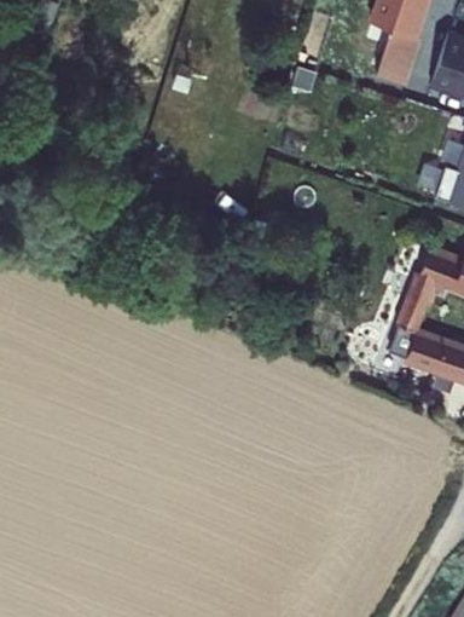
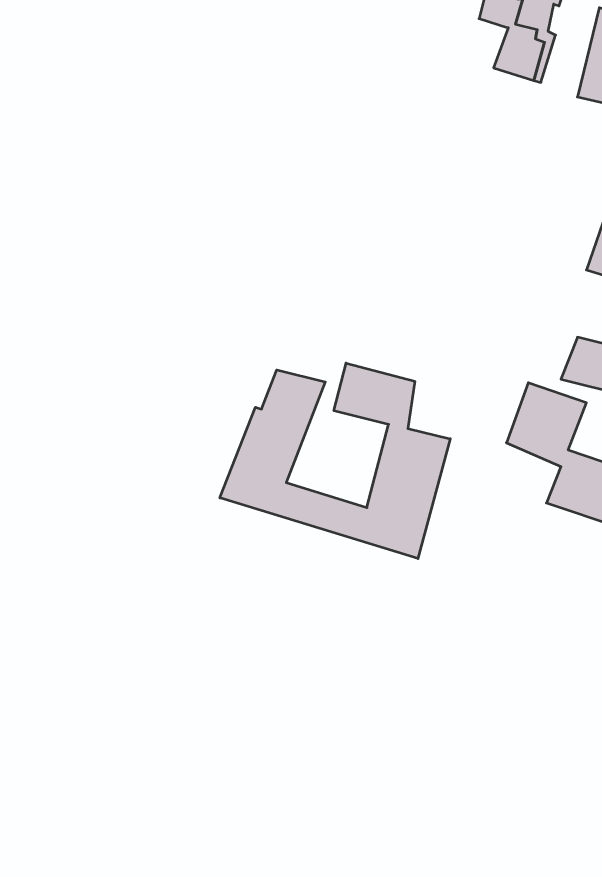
building: none -> [220,363,450,559]

